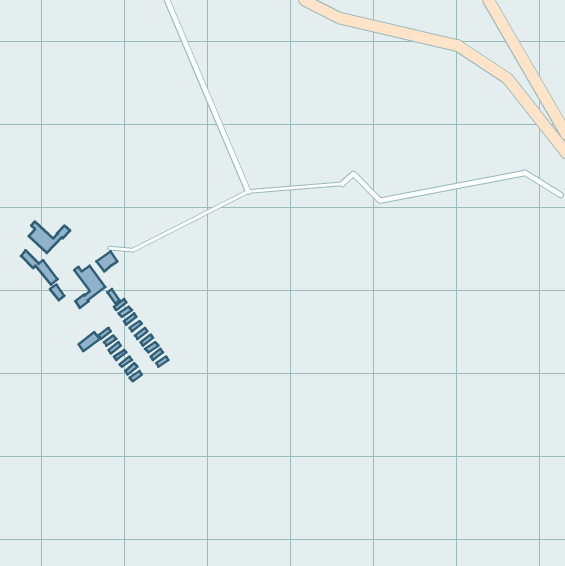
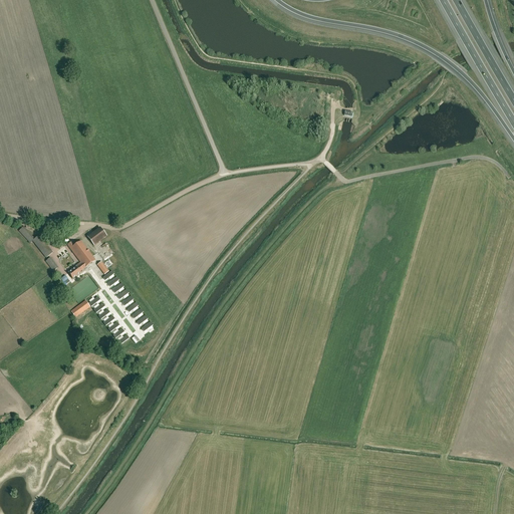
building: [29,222,70,253] -> none

